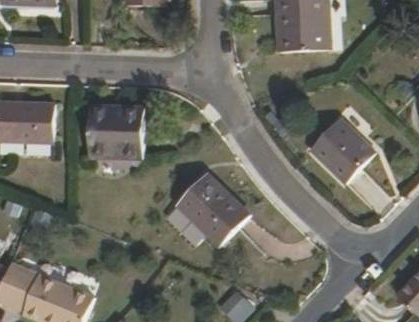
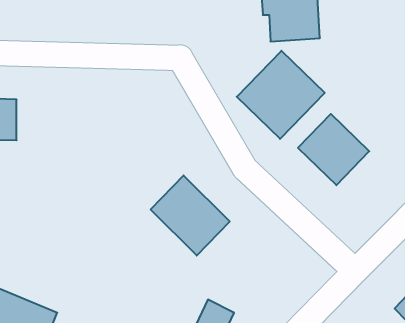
building: none -> [237,51,325,139]
building: [89,105,145,158] -> none

